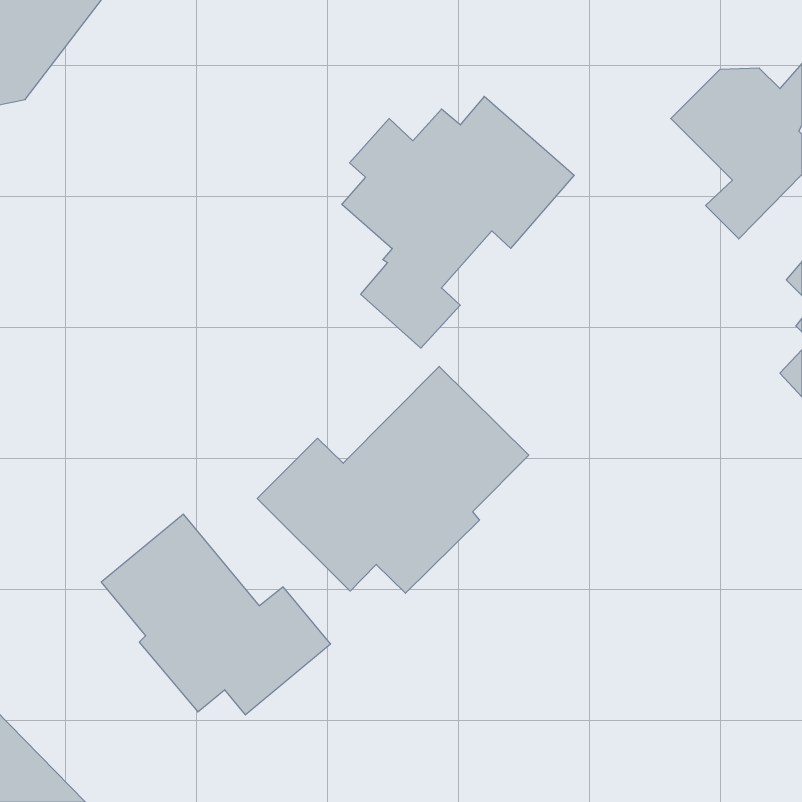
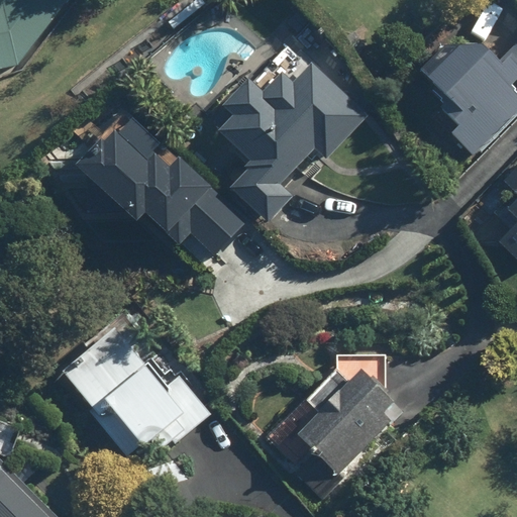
building: none -> [63,120,246,269]
building: [257,366,529,593] -> none
building: none -> [293,369,403,494]

